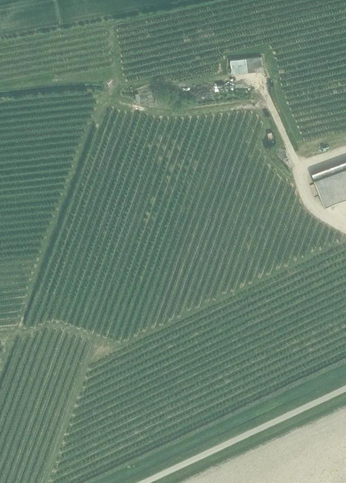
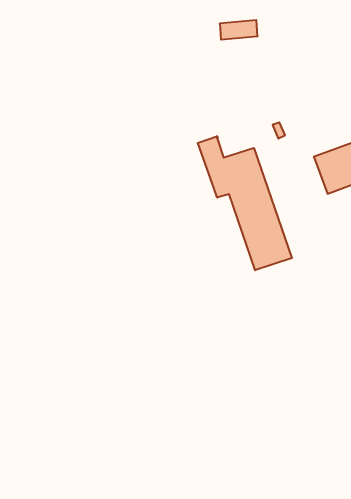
building: none -> [198,136,292,270]

